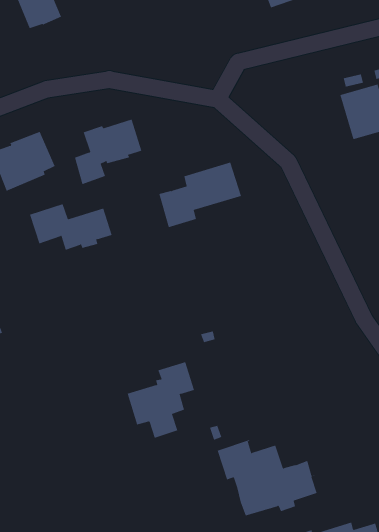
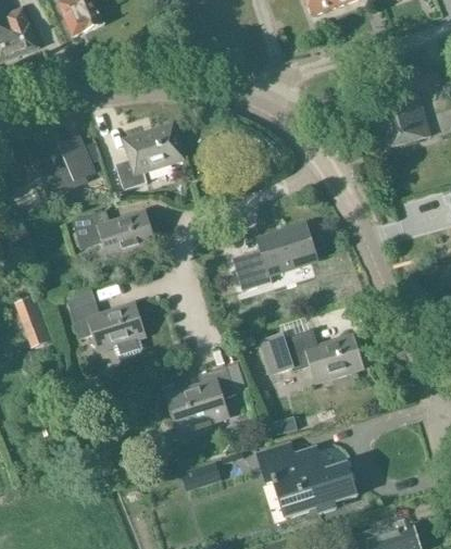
building: [158,162,242,228] -> [233,224,315,289]
building: none -> [68,300,145,357]
building: none -> [260,328,361,378]

